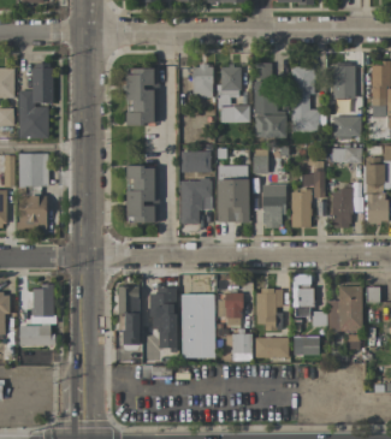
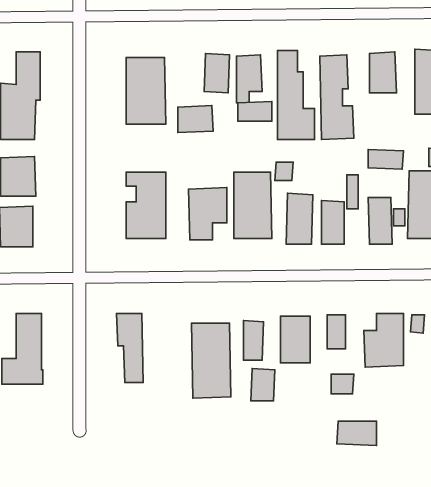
building: [332,115,361,137] -> none
building: [180,150,211,173] -> [178,106,213,132]
building: [149,289,177,349] -> none
building: [254,338,288,358] -> [337,421,376,445]

